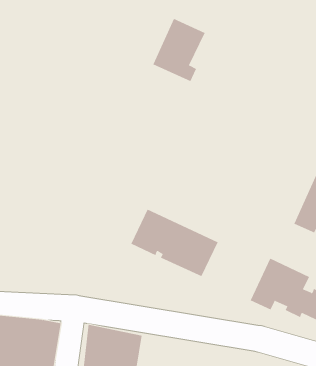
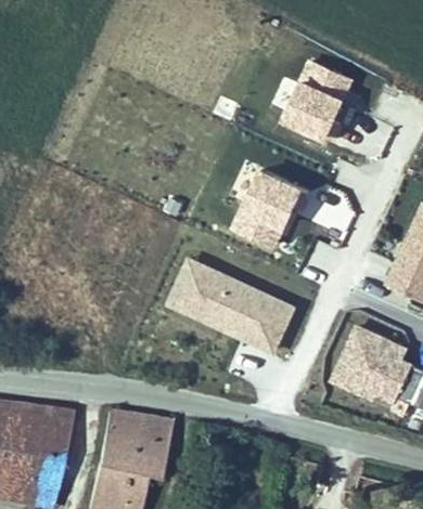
building: [152,18,206,82] -> [278,62,344,141]
building: none -> [228,171,303,246]

